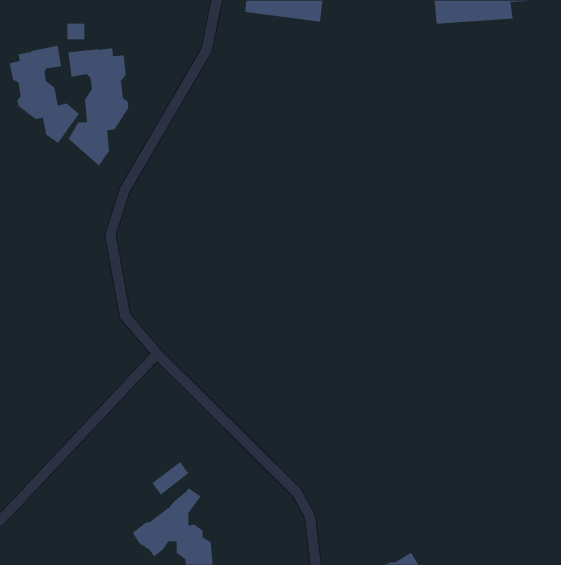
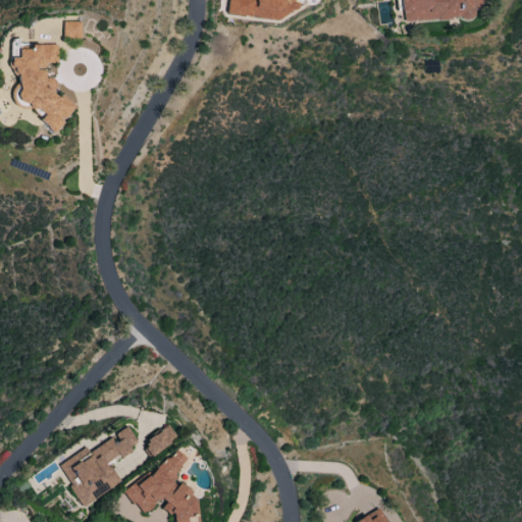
building: [68,47,129,167] -> none
building: none -> [60,426,141,506]

